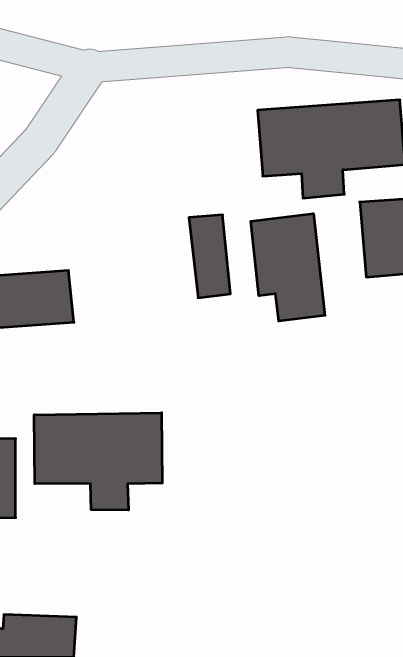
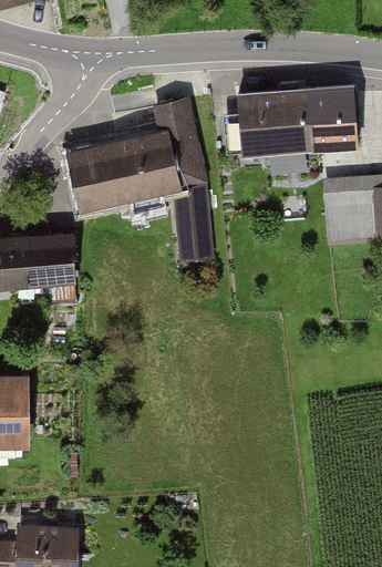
building: none -> [64,100,205,207]
building: [251,214,325,321] -> none
building: [34,413,162,510] -> none

